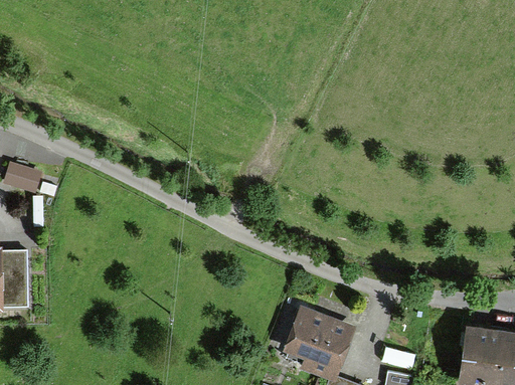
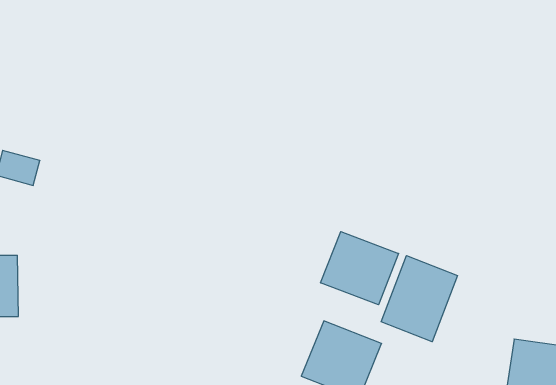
building: none -> [321,232,399,305]
building: none -> [381,256,458,342]

